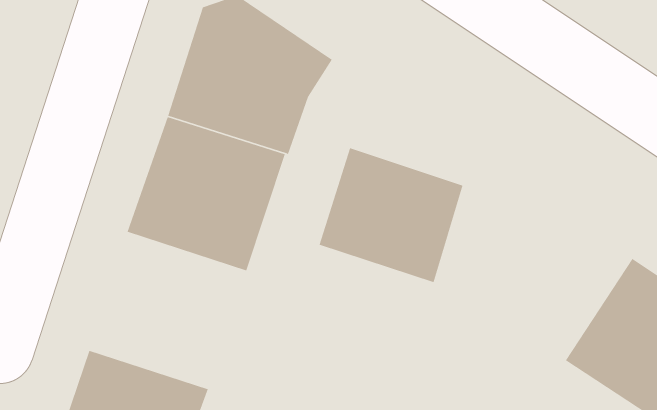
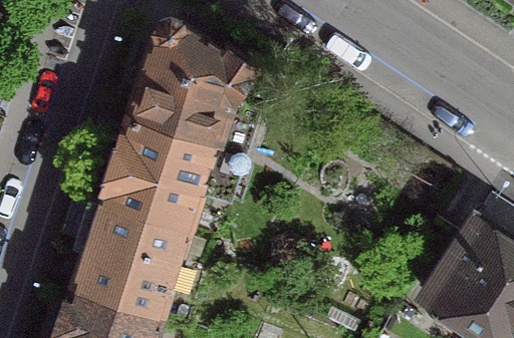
building: [318,147,464,283] -> none
building: none -> [69,202,187,318]

